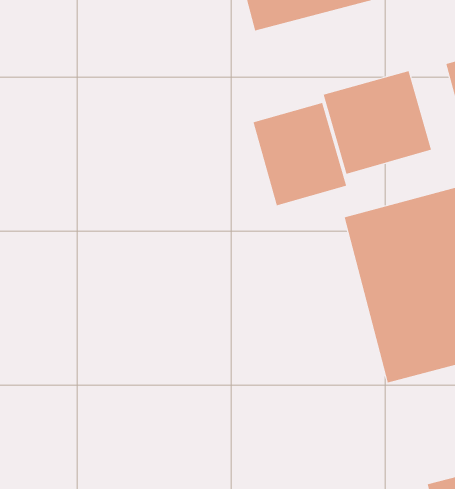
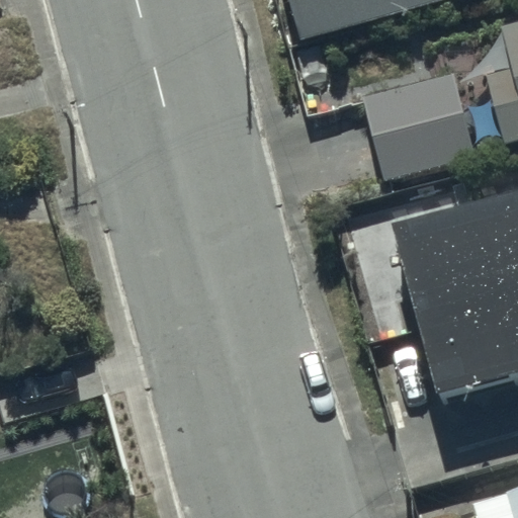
building: [253,102,347,206] -> none

